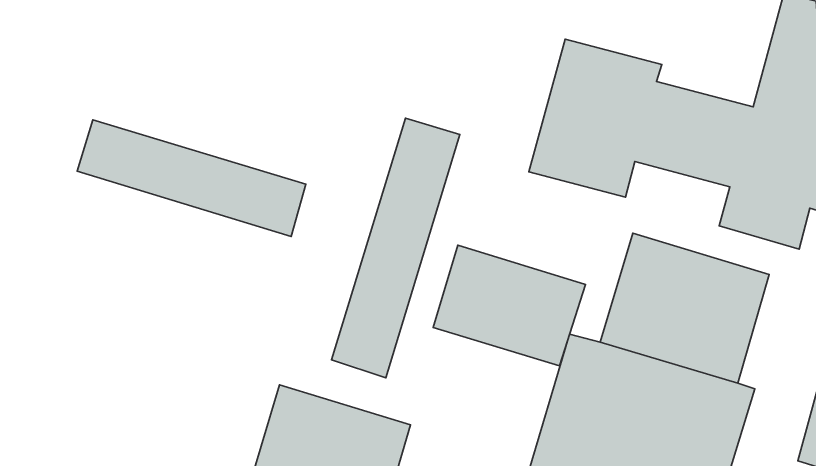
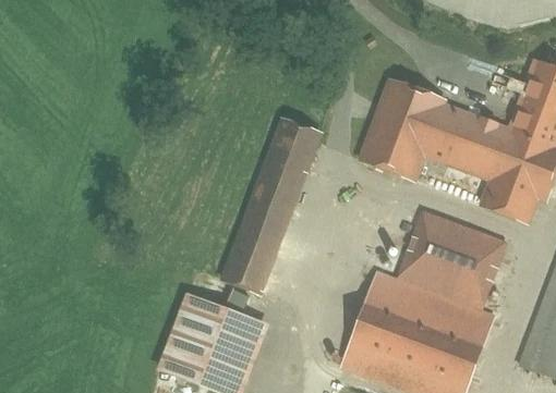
building: [77,120,306,236] -> none
building: [433,245,586,366] -> none

